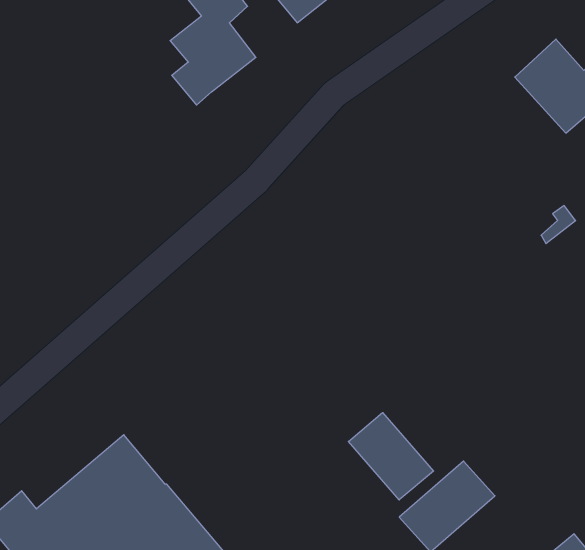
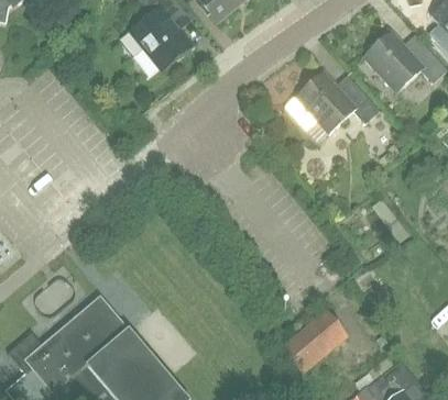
building: none -> [285,71,378,133]
building: [348,413,434,500] -> none

